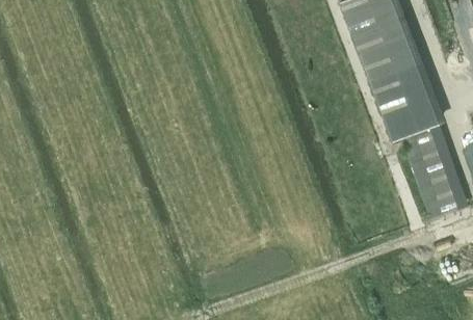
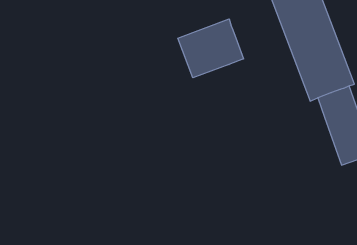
building: none -> [178,19,244,78]

